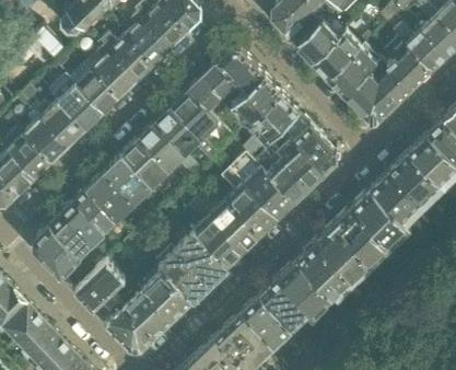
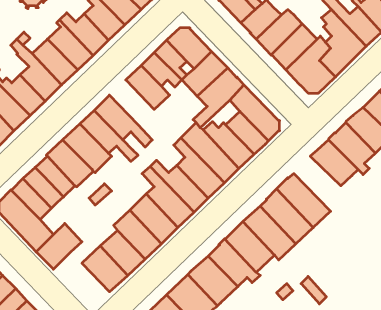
building: [154,107,218,163] -> none
building: [352,190,410,248] -> none
building: [94,292,154,349] -> none

